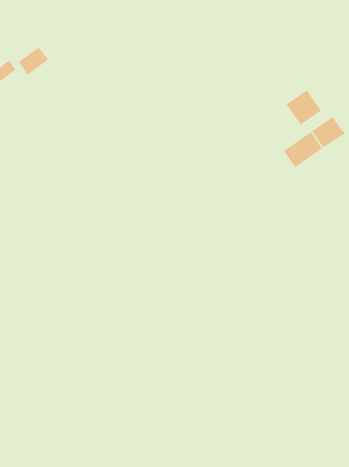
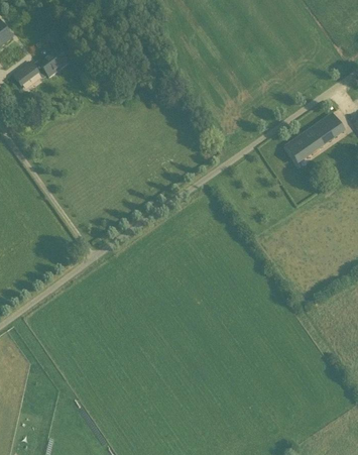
building: [286,89,322,126] -> none

